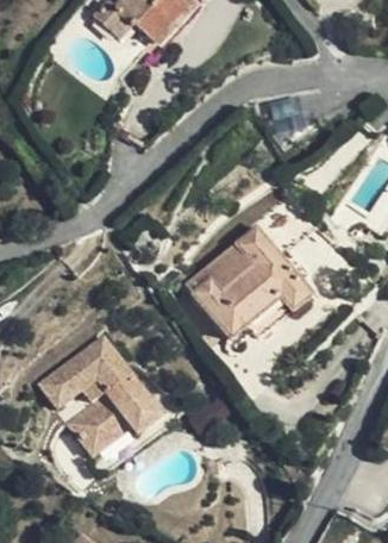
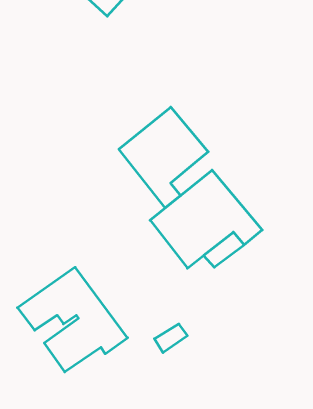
building: none -> [119,107,208,208]

